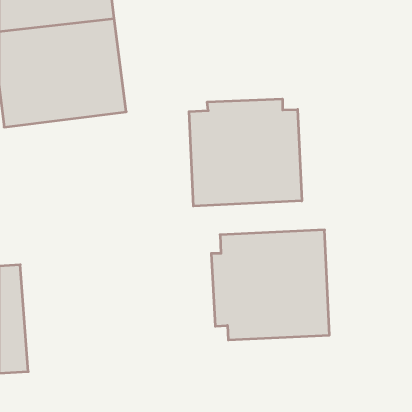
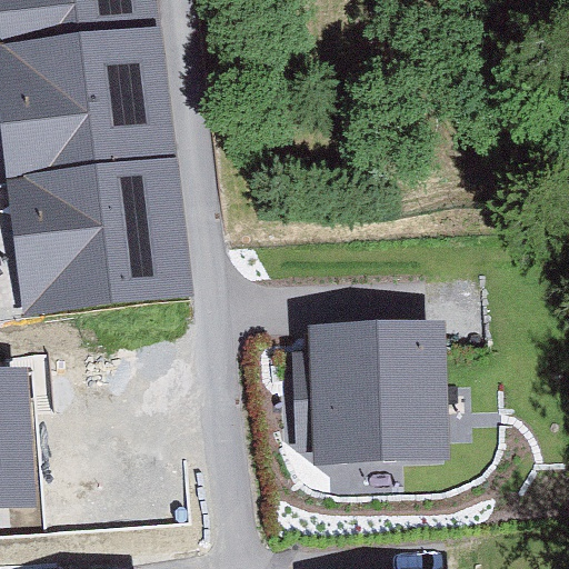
building: [189,99,302,206] -> none
building: none -> [6,153,190,313]

